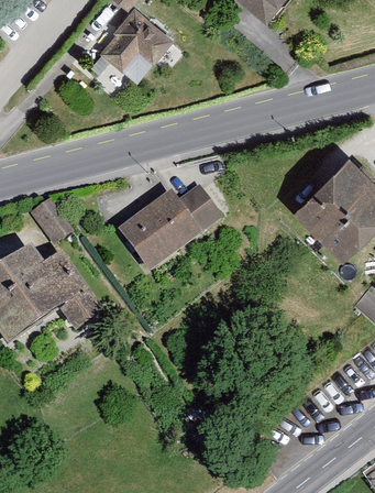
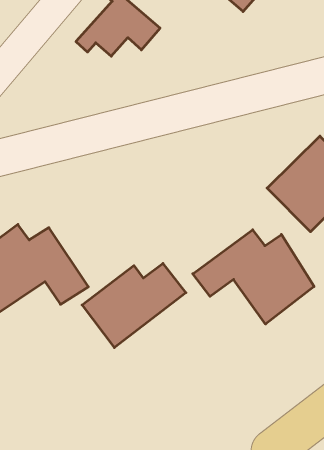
building: [114,188,224,277] -> [82,263,186,348]
building: none -> [193,230,314,324]

